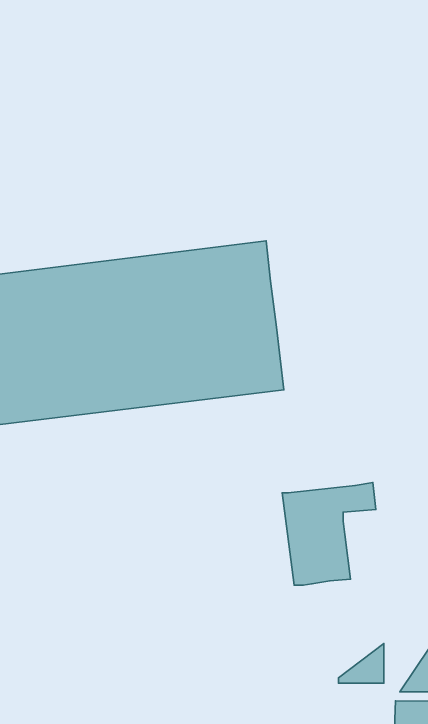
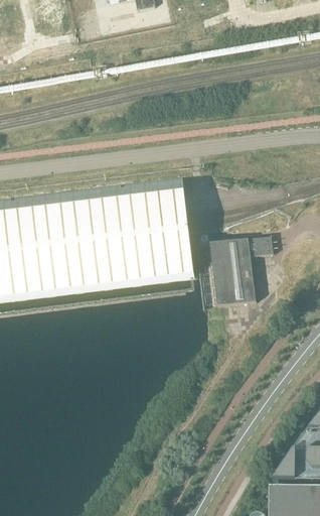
building: [282,483,376,585] -> [209,239,273,308]
building: [339,643,384,683] -> none

